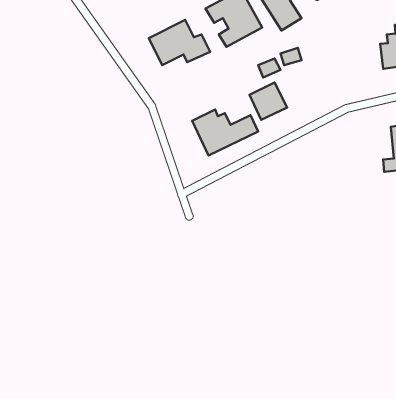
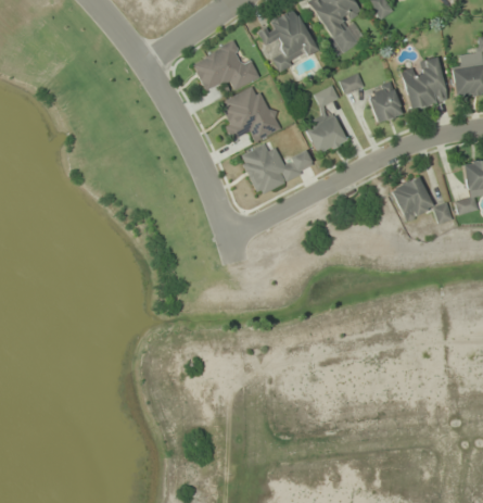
building: none -> [403,55,447,109]
building: none -> [367,83,403,122]
building: none -> [220,85,282,140]
building: none -> [391,175,454,223]

